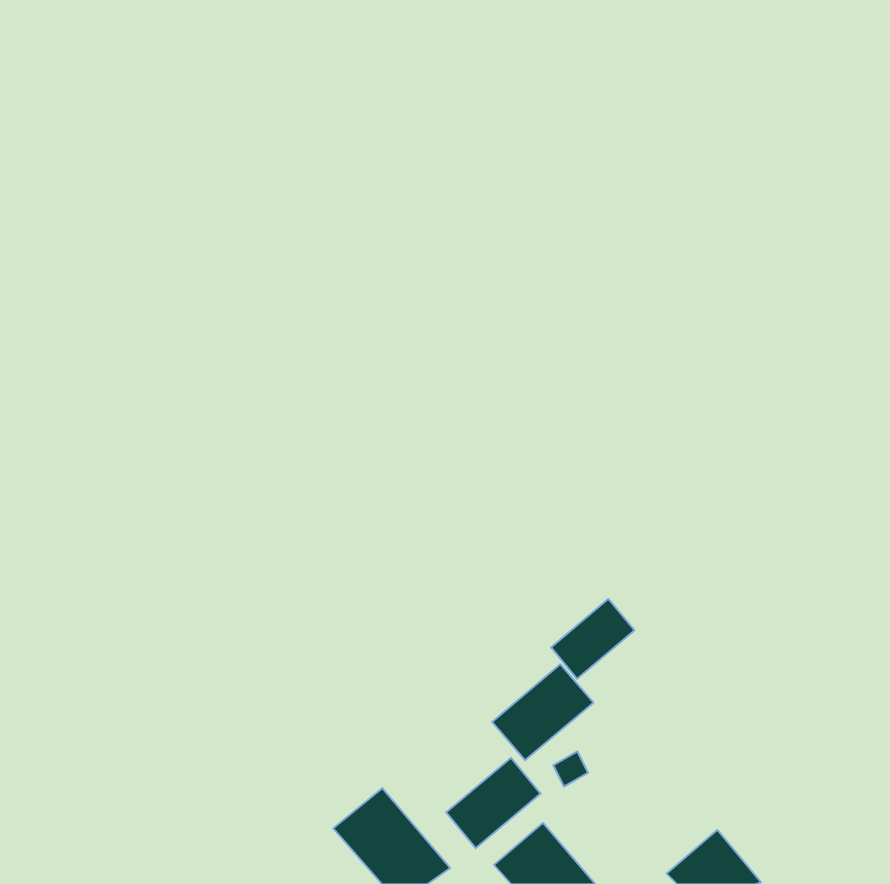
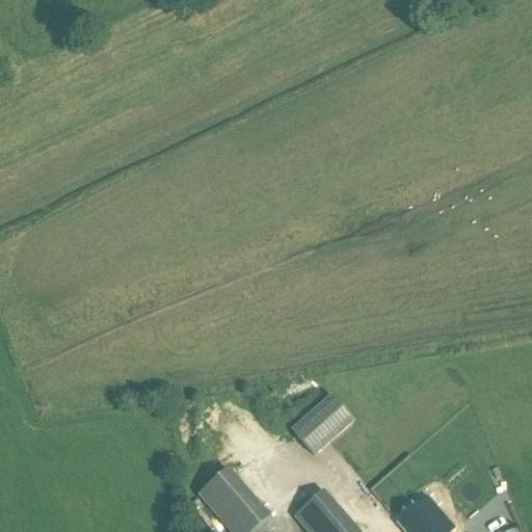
building: [551,599,634,679] -> none
building: [446,758,541,848] -> none

